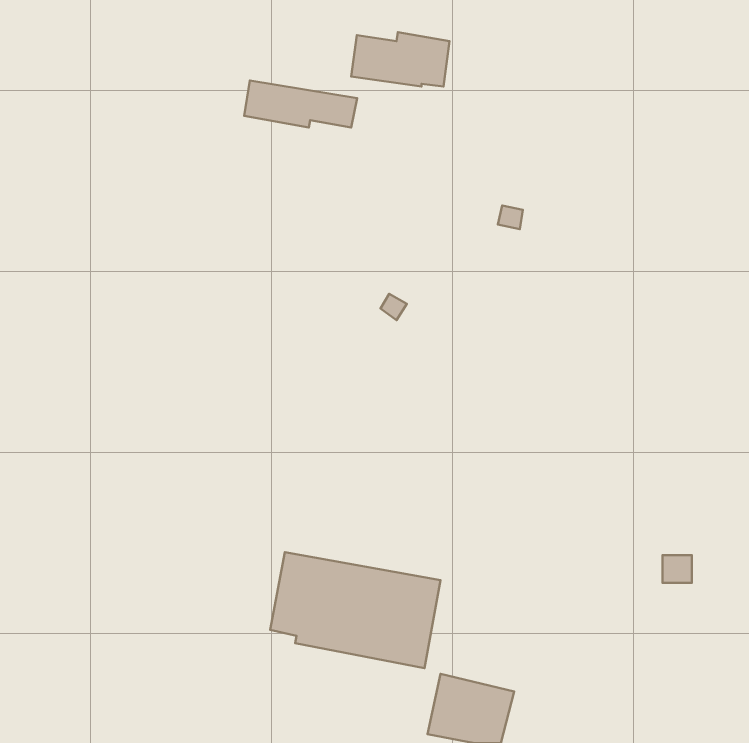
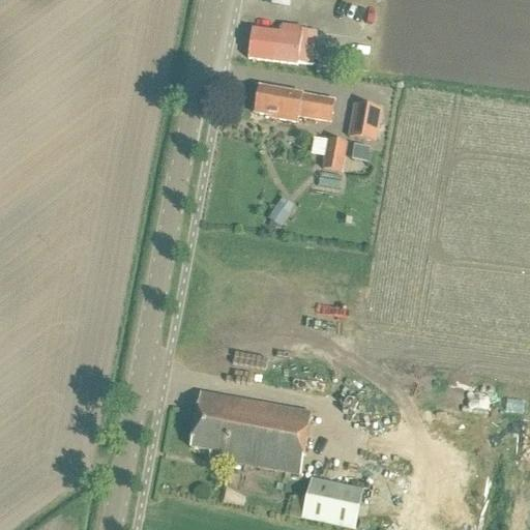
building: [244,81,357,128] -> [253,85,332,118]
building: none -> [347,99,382,138]
building: none -> [321,138,346,171]

